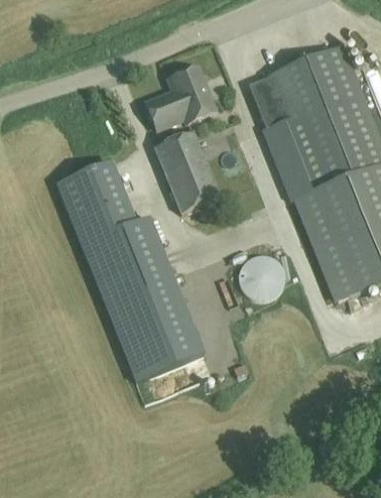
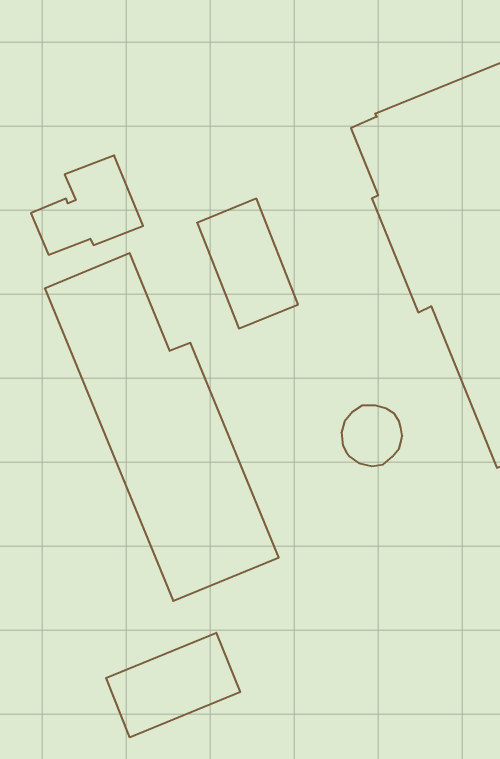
building: [144,64,215,126] -> [31,155,143,255]
building: none -> [106,633,240,737]

